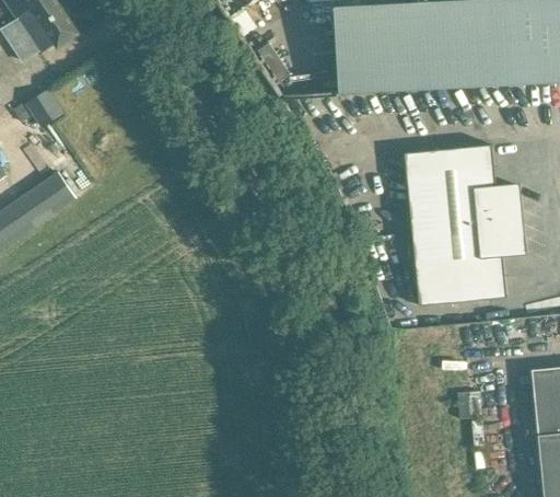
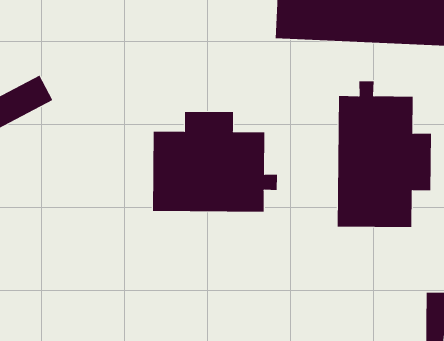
building: [25,91,62,128] -> none
building: none -> [152,111,277,212]

